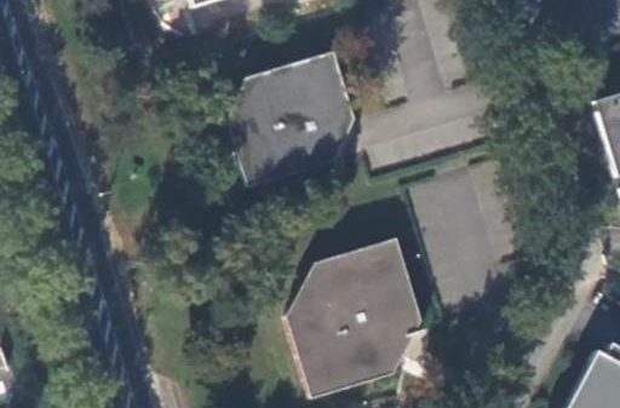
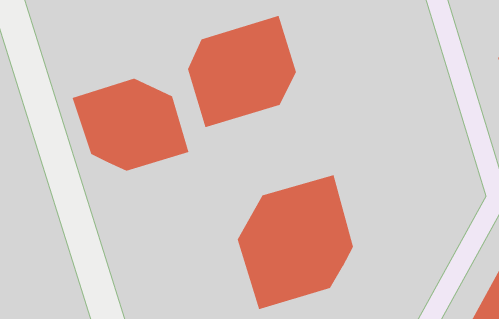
building: none -> [72,78,189,171]

